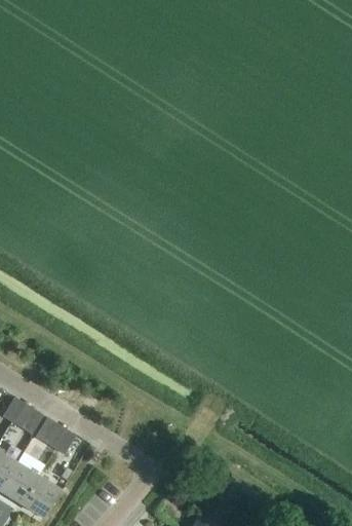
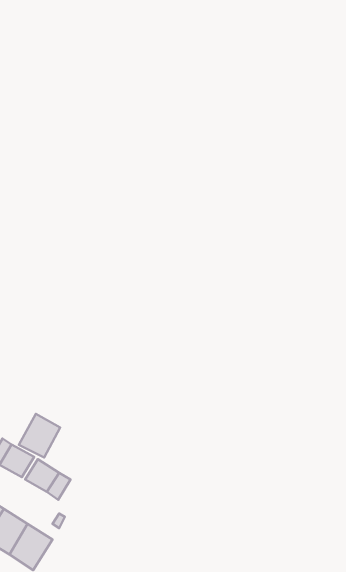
building: none -> [19,414,60,457]

